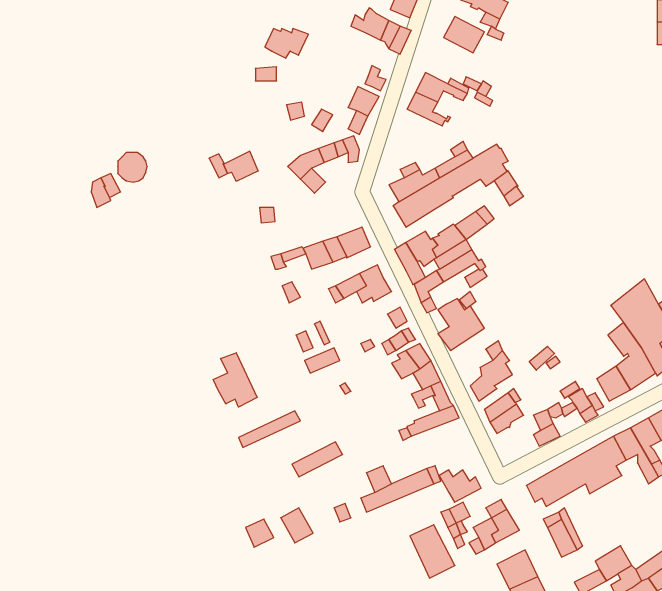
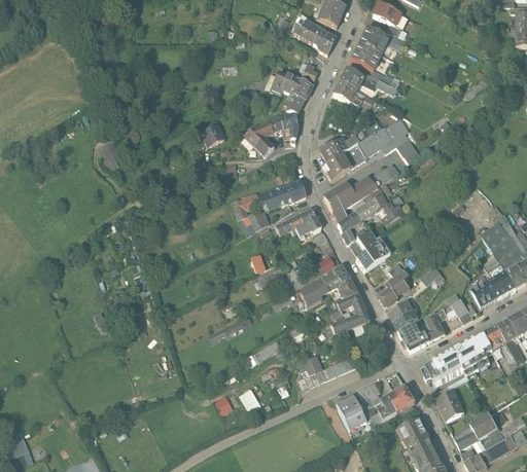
building: [265,29,308,58] -> [265,73,296,95]
building: none -> [351,41,381,68]
building: [213,353,257,407] -> none
building: none -> [298,280,328,305]
building: [439,470,481,502] -> [398,327,429,351]

